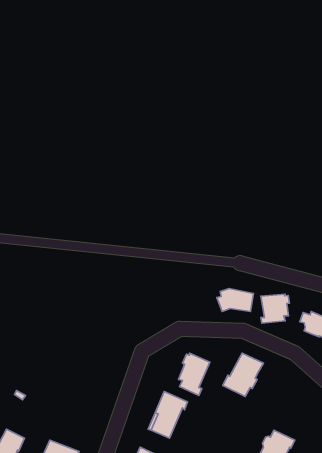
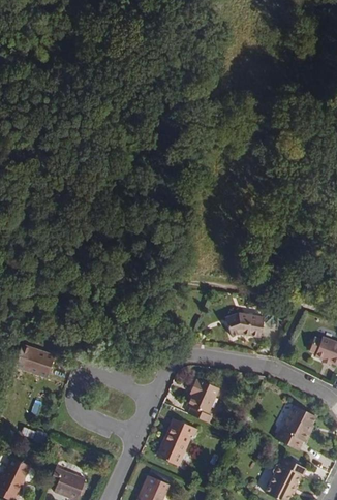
building: [261,294,289,323] -> none
building: none -> [13,343,55,377]
building: [223,353,263,397] -> [275,405,316,449]

